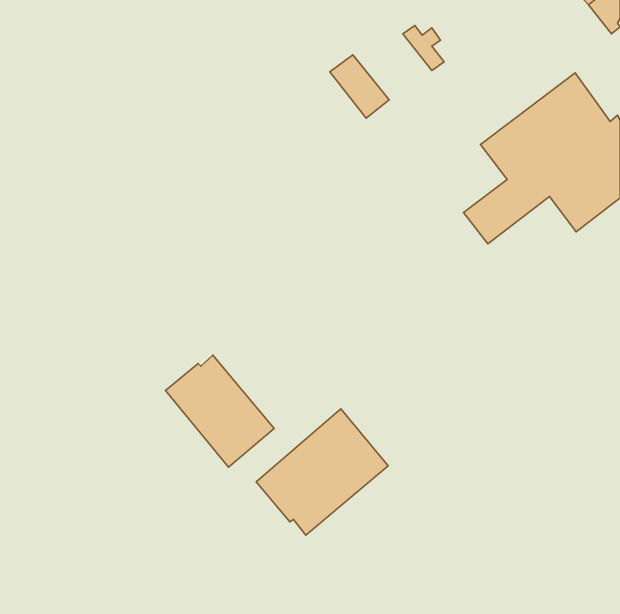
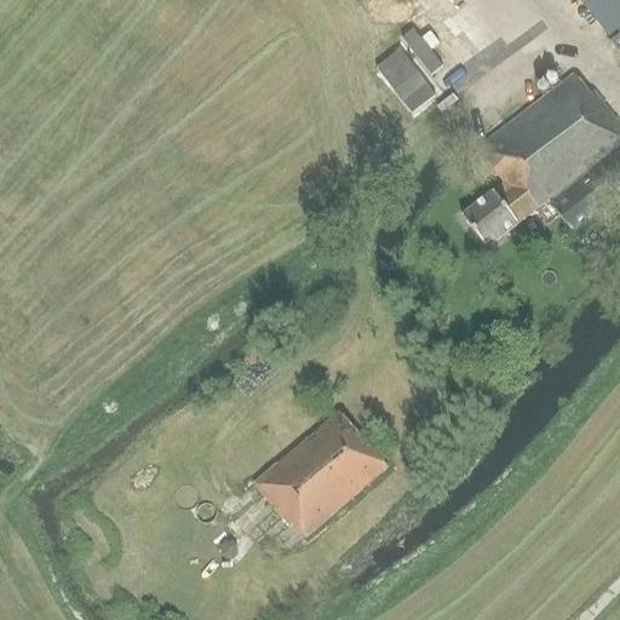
building: [330,55,389,118] -> [377,46,436,109]
building: [165,355,274,467] -> none

